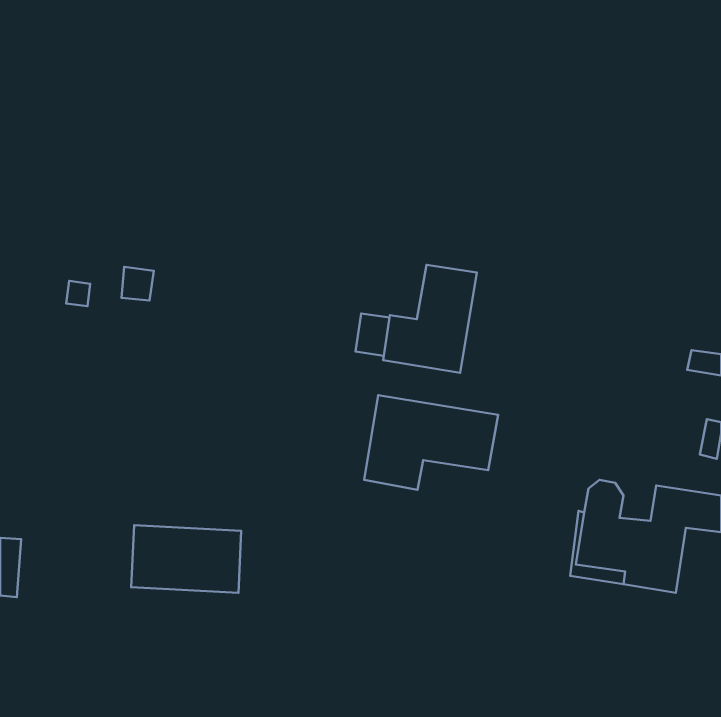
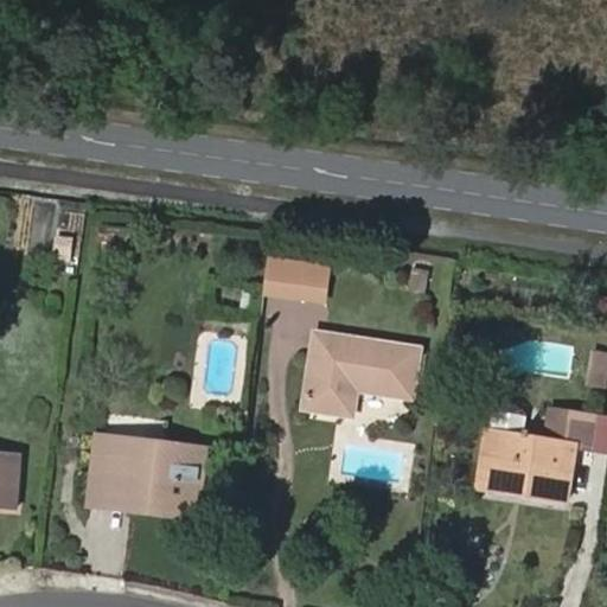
building: [383,265,477,373] -> none
building: none -> [263,258,304,295]
building: none -> [90,440,200,513]

